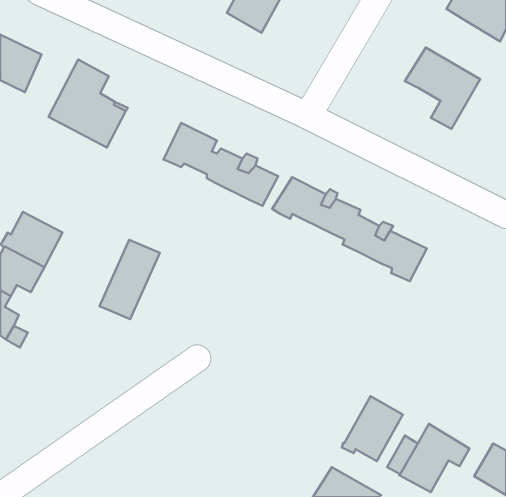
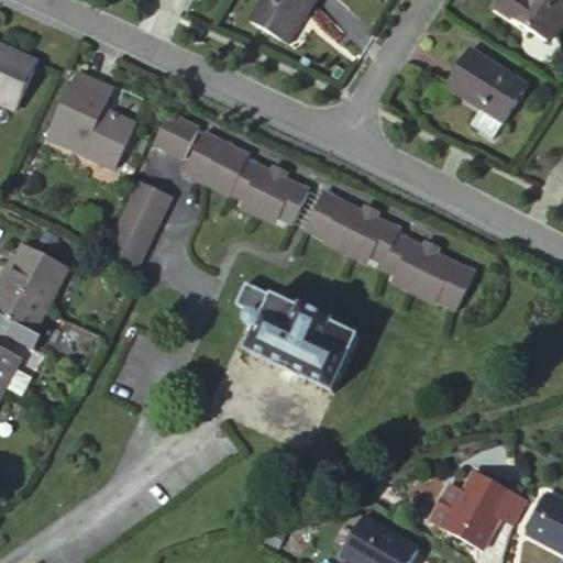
building: none -> [150,118,195,164]
building: [100,240,160,319] -> [106,172,173,260]
building: none -> [238,274,361,389]
building: [342,396,403,461] -> none

